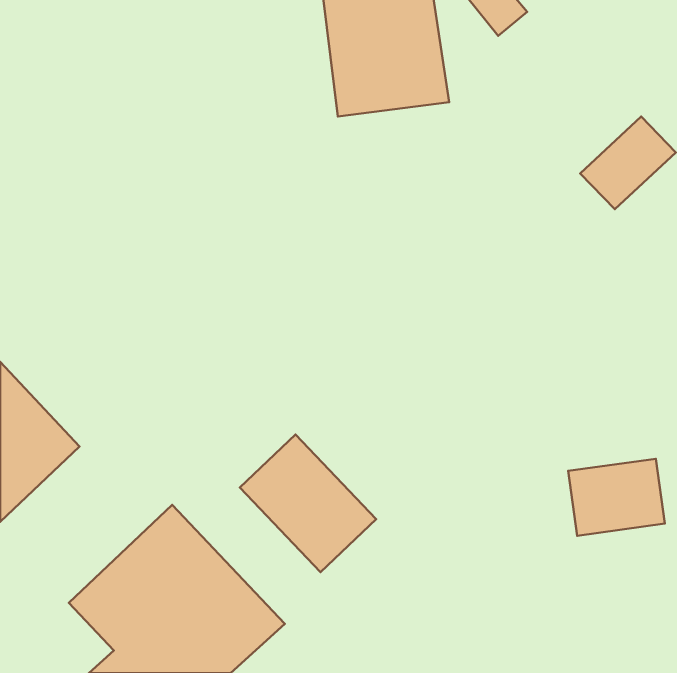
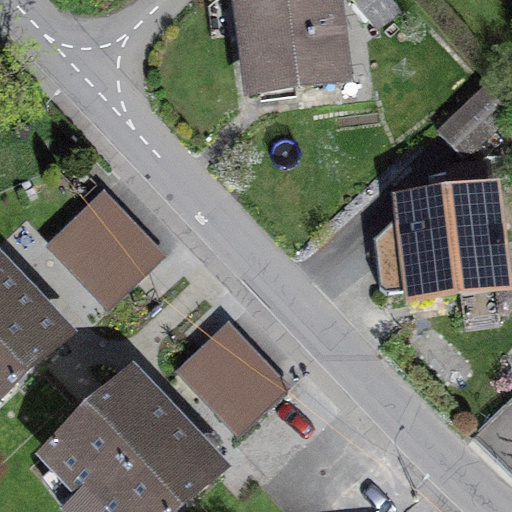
building: none -> [373,165,500,294]
building: none -> [50,196,160,307]
building: [568,459,665,536] -> none

